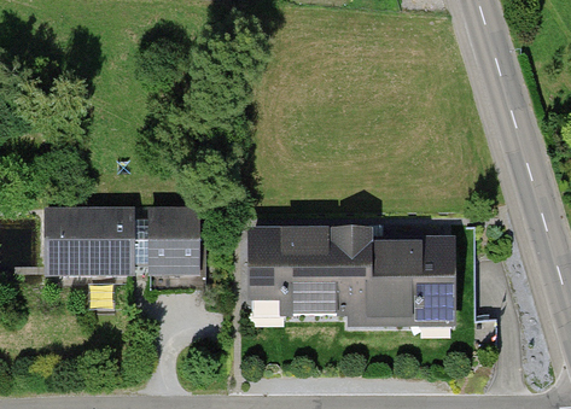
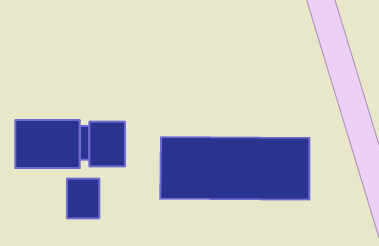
building: none -> [67,178,99,218]

